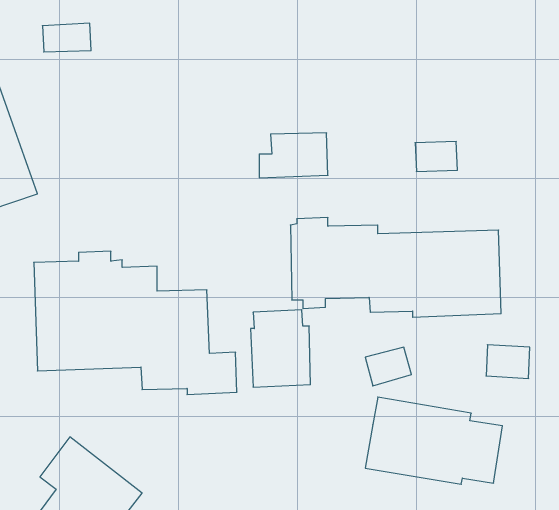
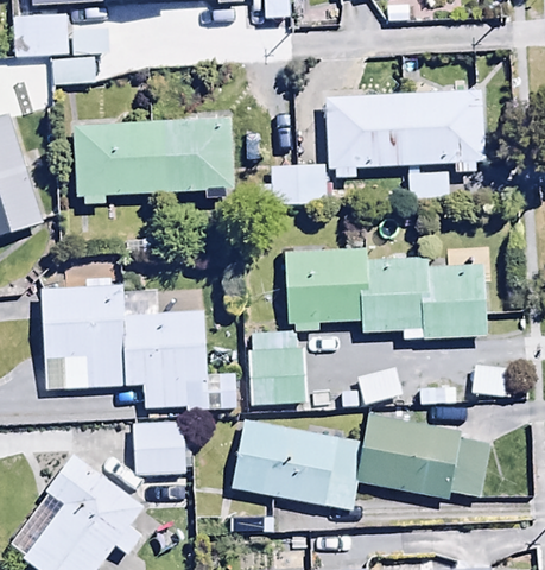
building: none -> [323,84,483,186]
building: none -> [72,118,235,204]
building: none -> [132,420,184,475]
building: none -> [230,420,365,509]

